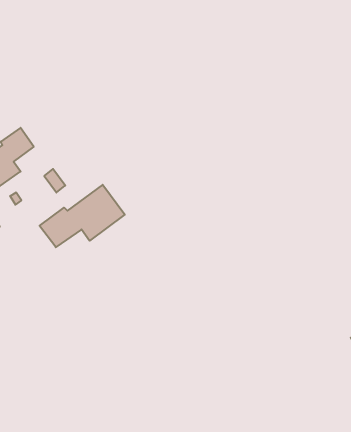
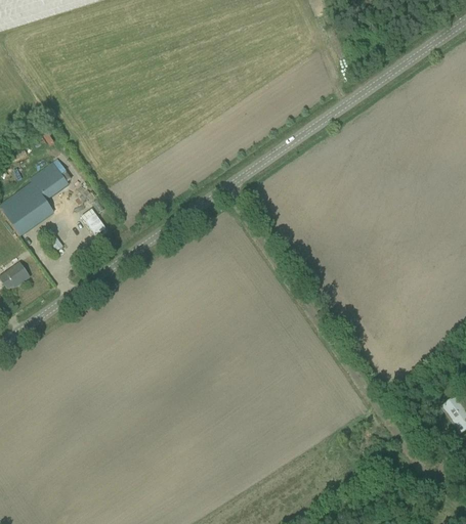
building: [40,185,125,247] -> none

